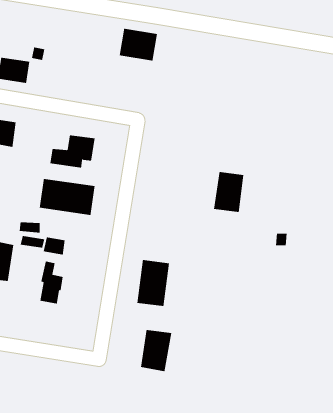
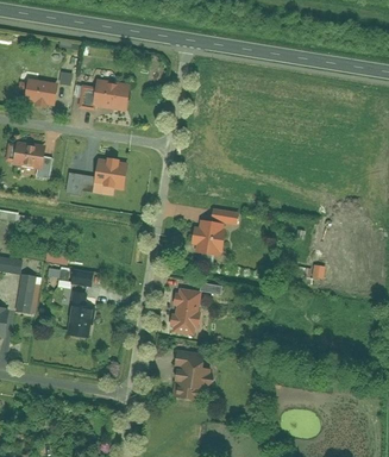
building: [119,28,158,61] -> [94,81,134,115]
building: [213,171,244,213] -> [194,221,226,264]
building: [39,178,95,216] -> none

